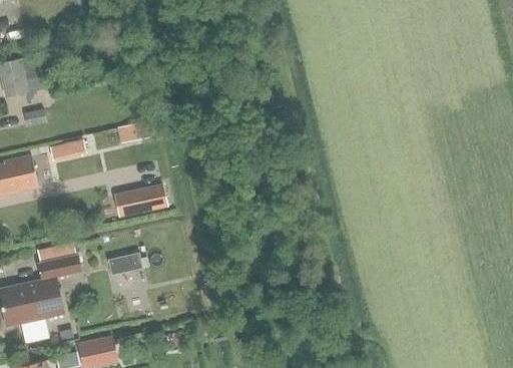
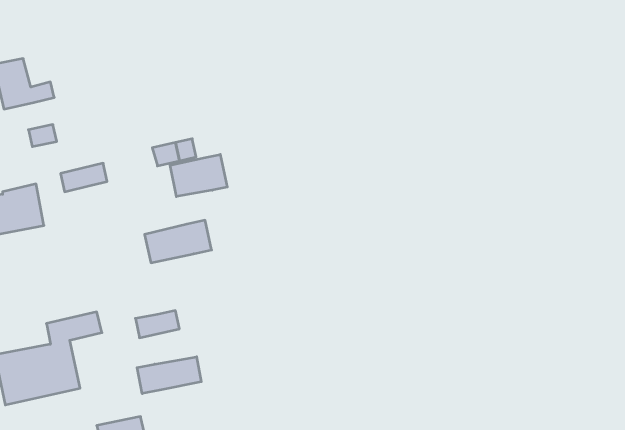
building: none -> [170,154,227,197]
building: none -> [137,357,201,394]

